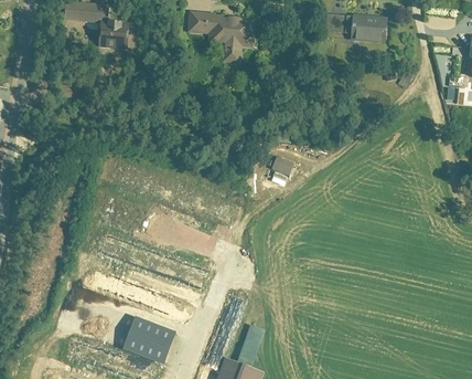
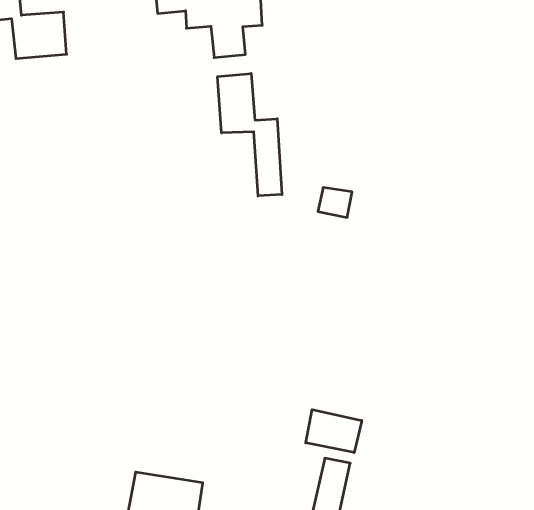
building: none -> [218,73,282,196]
building: none -> [306,410,362,453]

